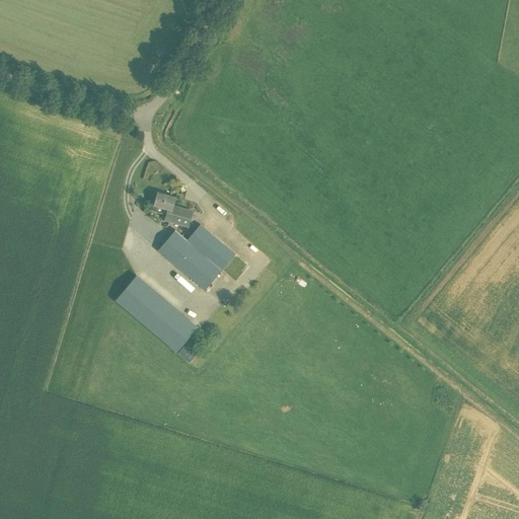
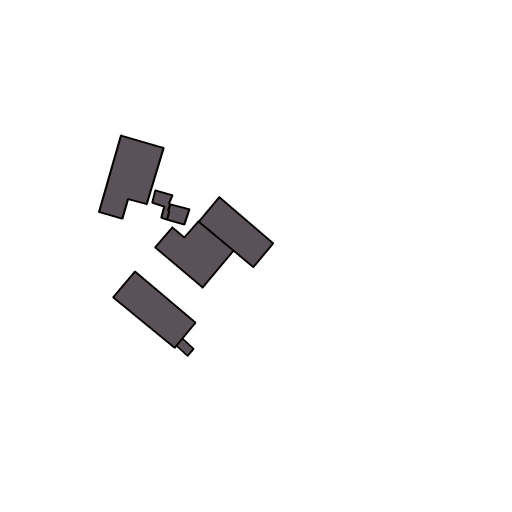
building: none -> [99,135,163,219]
building: none -> [199,197,273,267]

